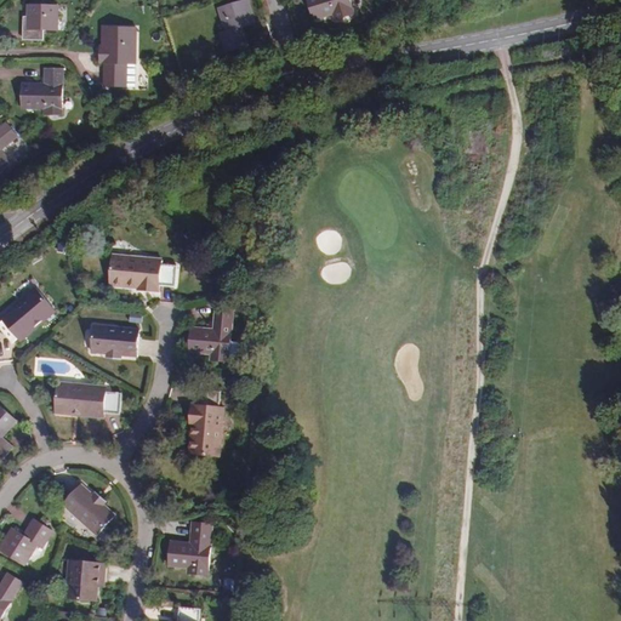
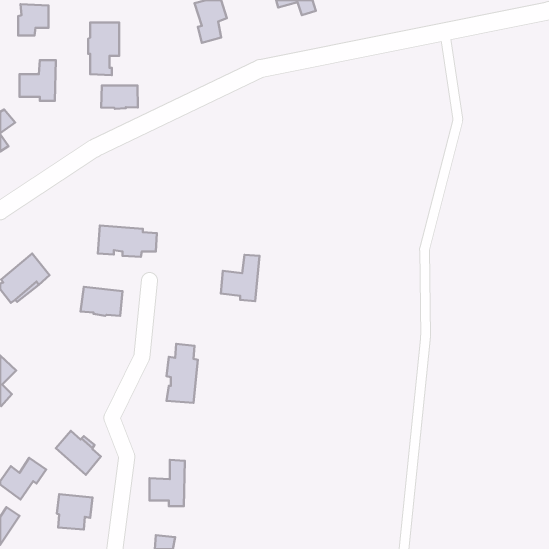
building: none -> [101,86,138,109]
building: [188,308,232,360] -> [221,255,260,301]
building: [52,383,119,415] -> none

